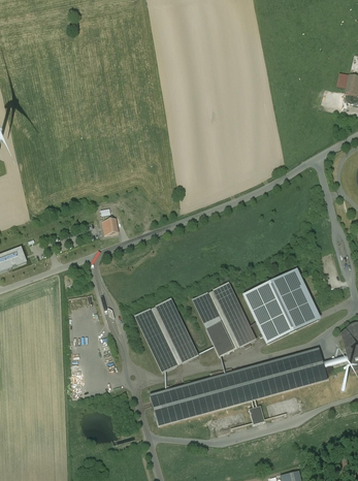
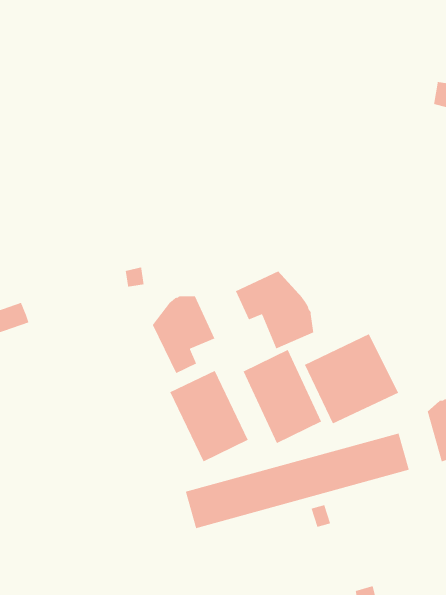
building: none -> [235,271,314,349]
building: none -> [152,295,216,374]

